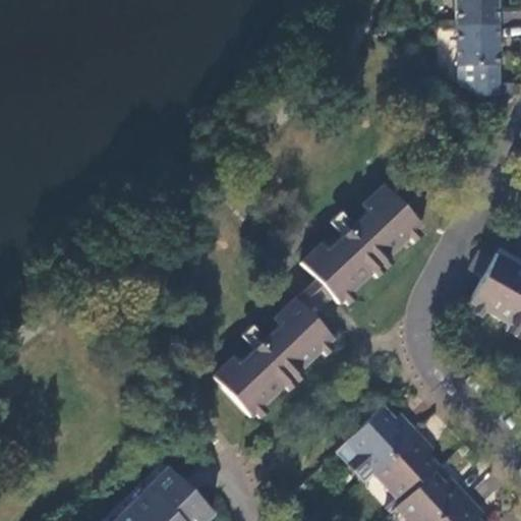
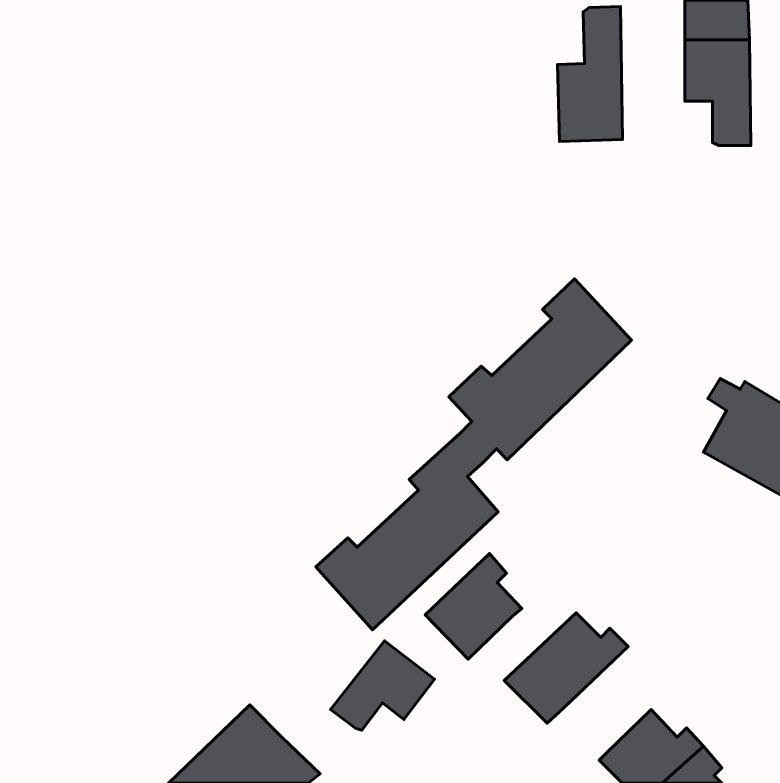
building: none -> [558,7,623,142]
building: none -> [331,641,434,730]
building: [377,429,441,500] -> [425,553,522,659]

